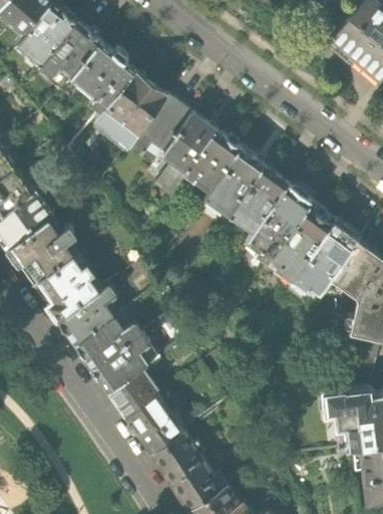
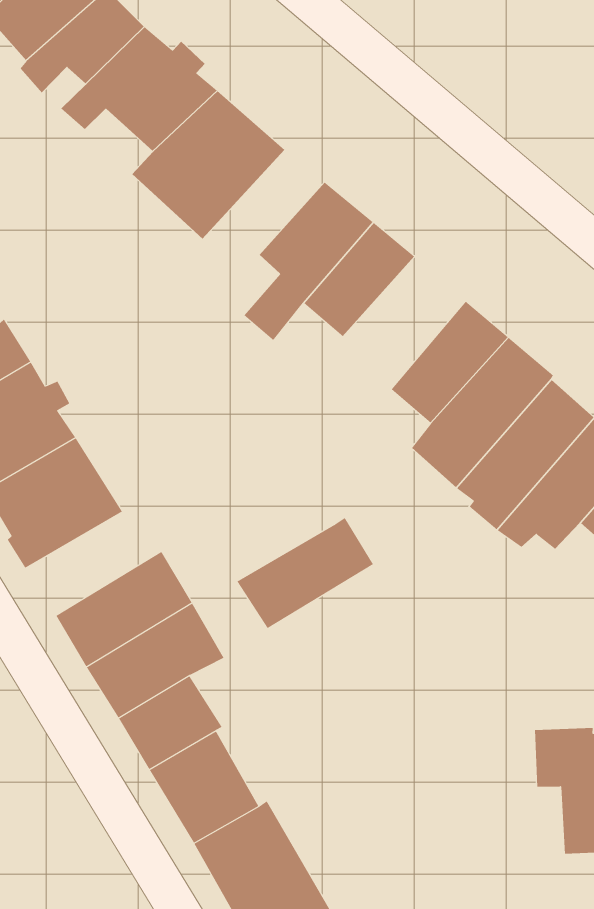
building: [131,98,194,162] -> none
building: [205,149,269,217] -> none
building: [53,283,122,342] -> [236,517,374,629]

